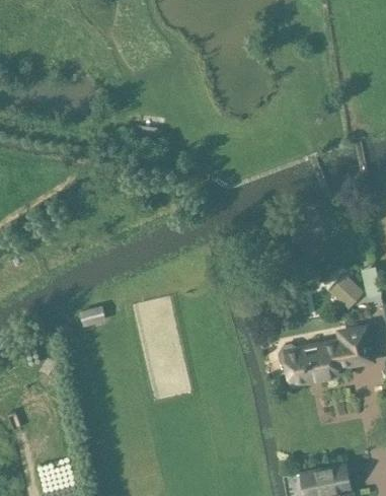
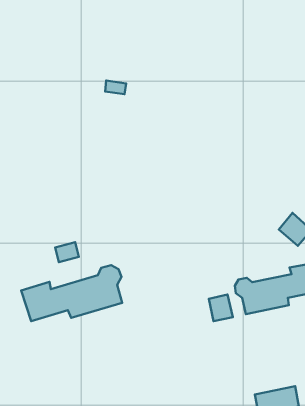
building: none -> [21,265,122,321]
building: none -> [209,295,233,321]

